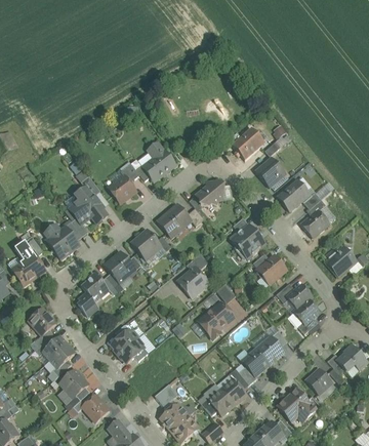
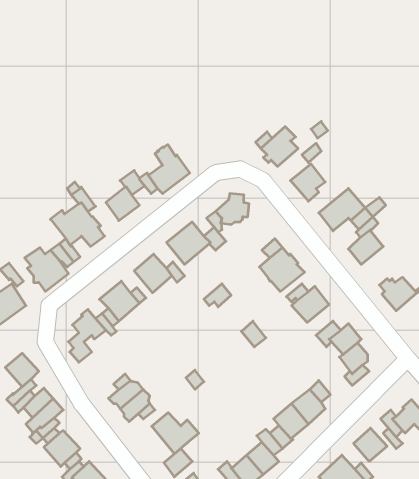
building: [177,267,208,297] -> none
building: [201,300,234,338] -> none
building: none -> [152,413,199,454]

